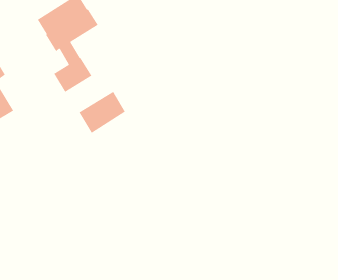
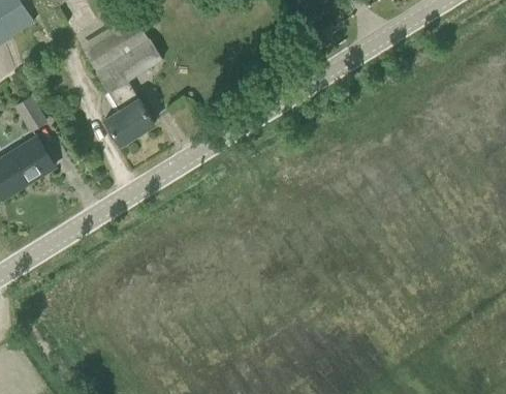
building: [78,91,126,134] -> none

